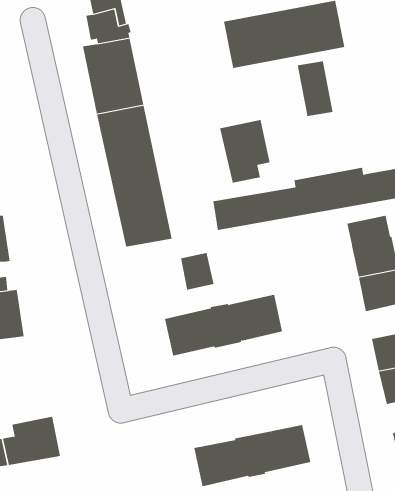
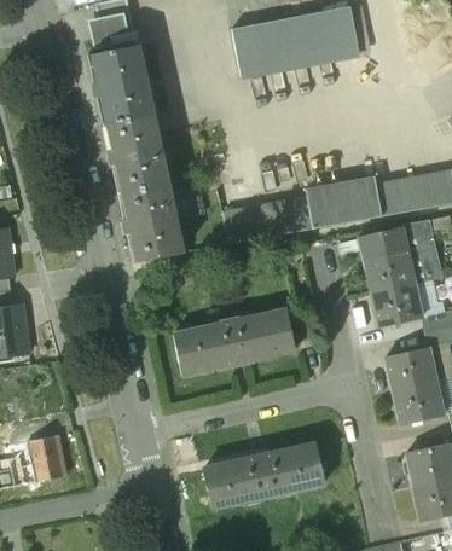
building: [297,61,333,117] -> none
building: [219,119,270,183] -> none
building: [180,252,214,291] -> none

